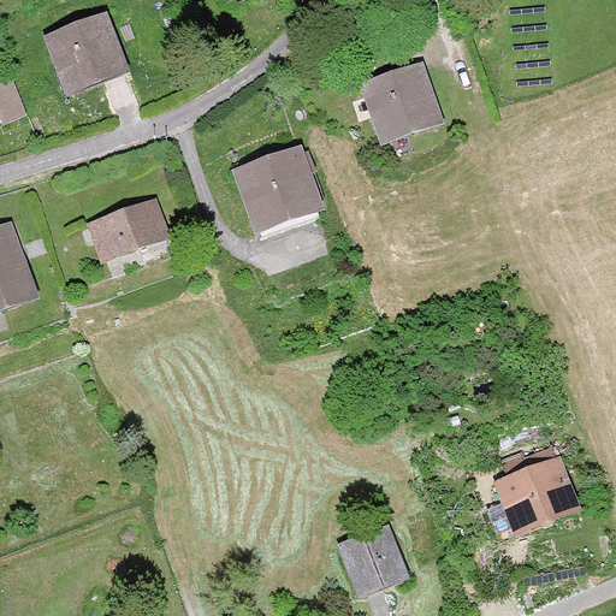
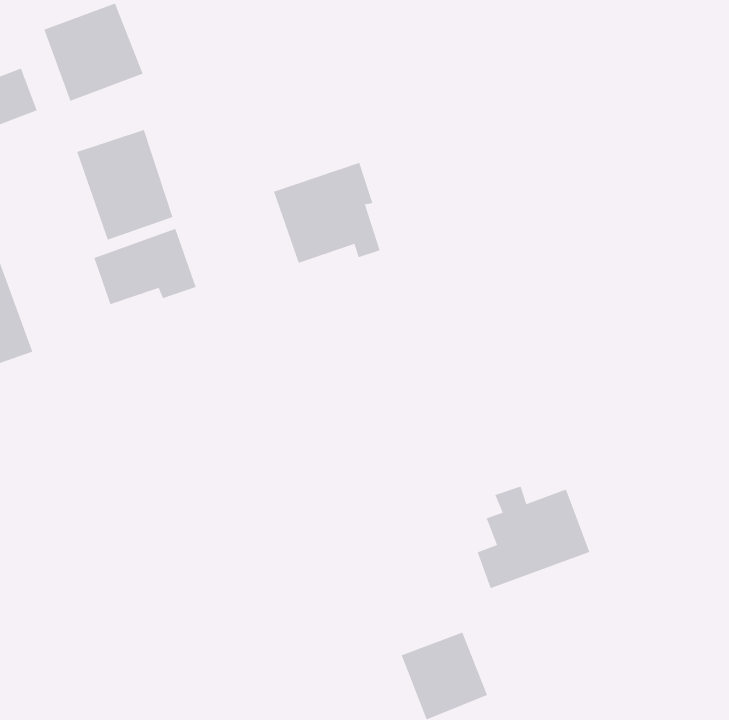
building: [362,61,442,141] -> none
building: none -> [77,129,173,240]
building: [487,452,580,537] -> [477,486,590,589]

